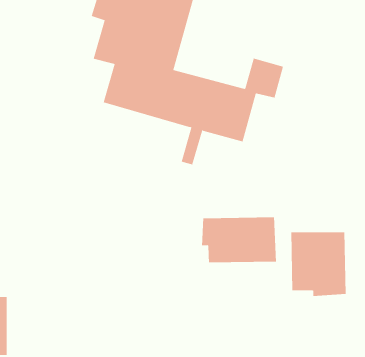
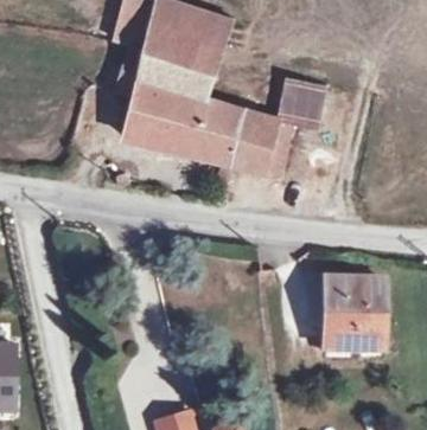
building: [201,217,277,263] -> none

